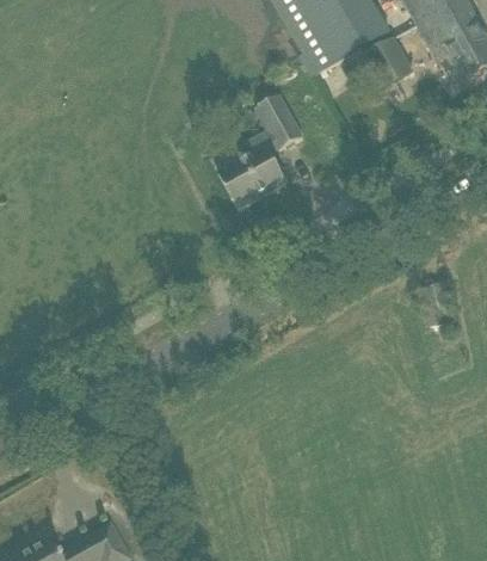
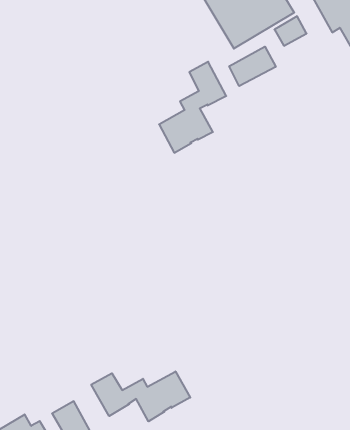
building: none -> [229,47,276,86]
building: none -> [91,371,190,421]

